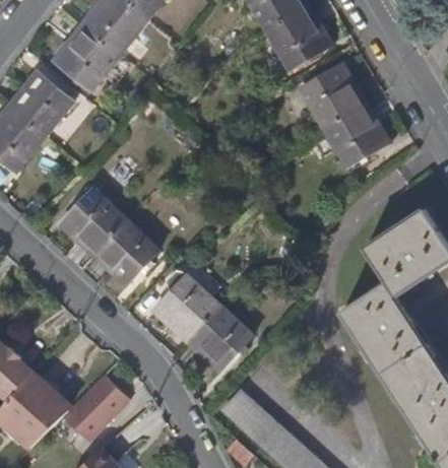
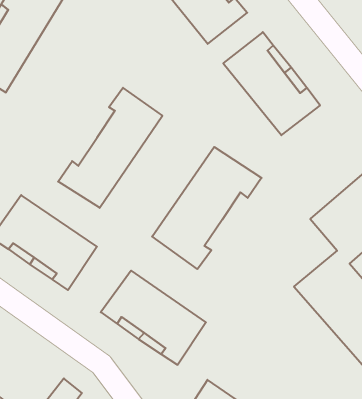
building: none -> [58,88,162,208]
building: none -> [152,147,262,269]

